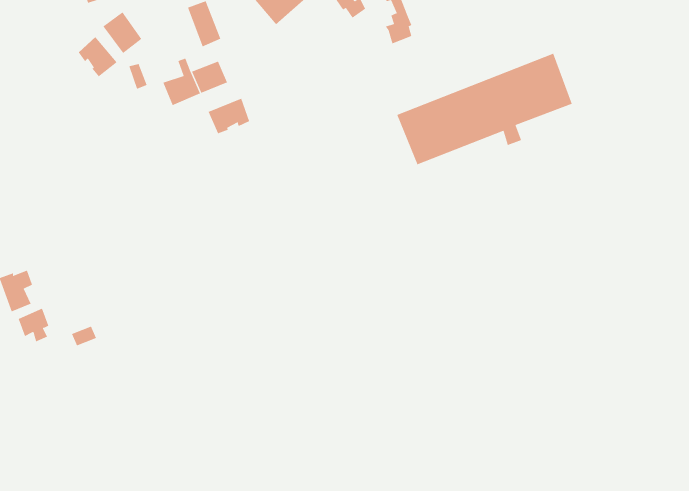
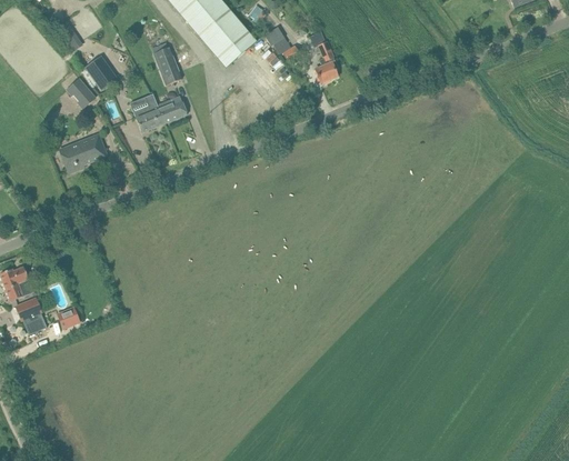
building: [396,53,572,165] -> none
building: [208,98,250,134] -> none
building: none -> [59,133,103,172]

